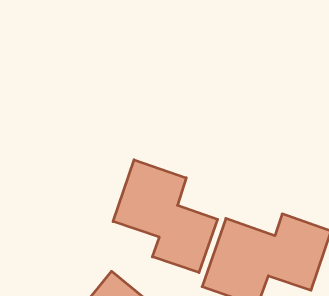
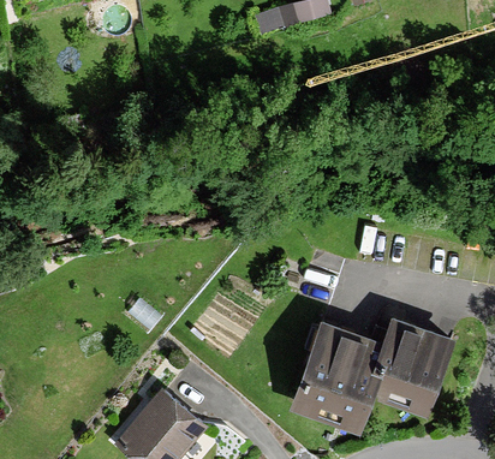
building: [113,160,218,273] -> none

